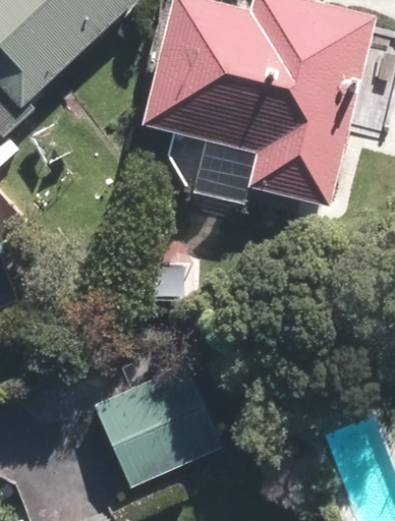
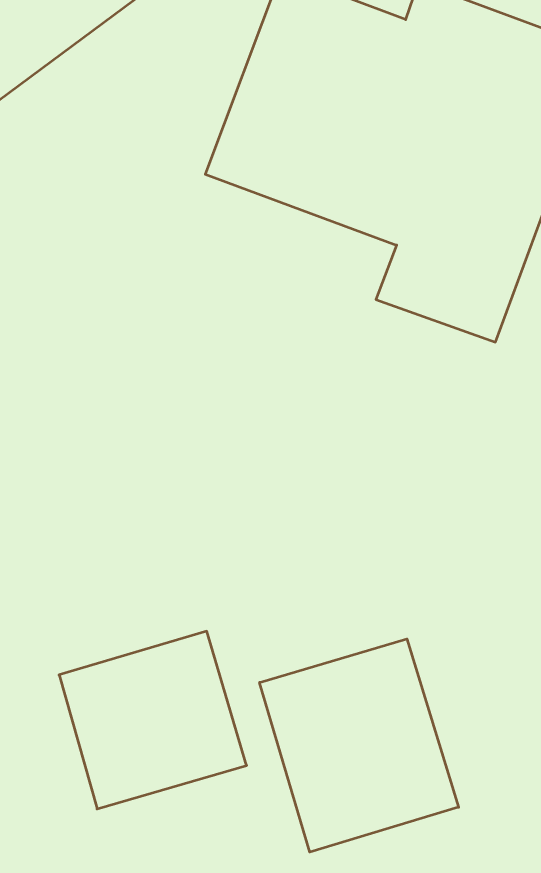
building: none -> [260,639,459,852]

